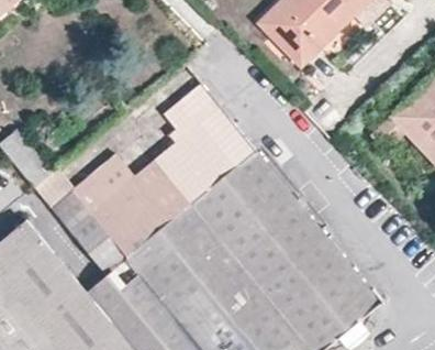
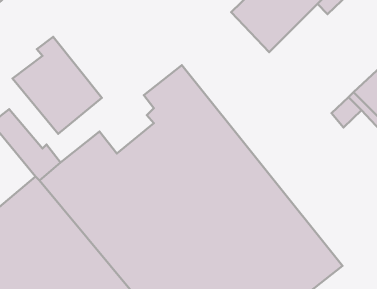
building: none -> [12,37,102,134]

